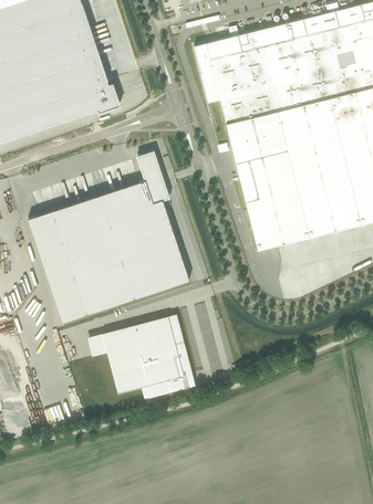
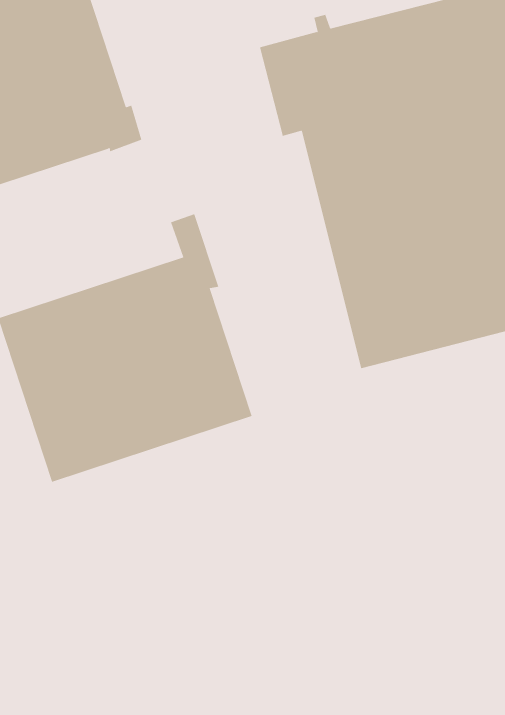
building: [102,315,196,401] -> none

